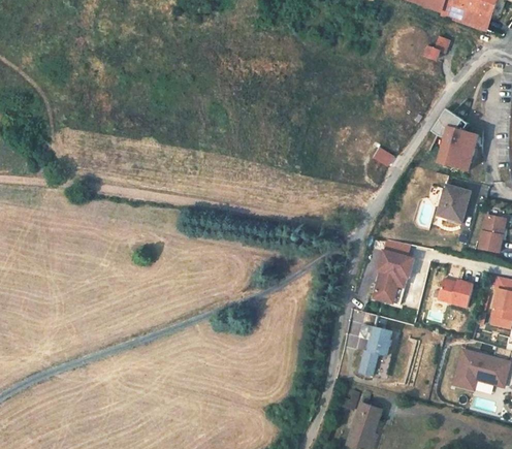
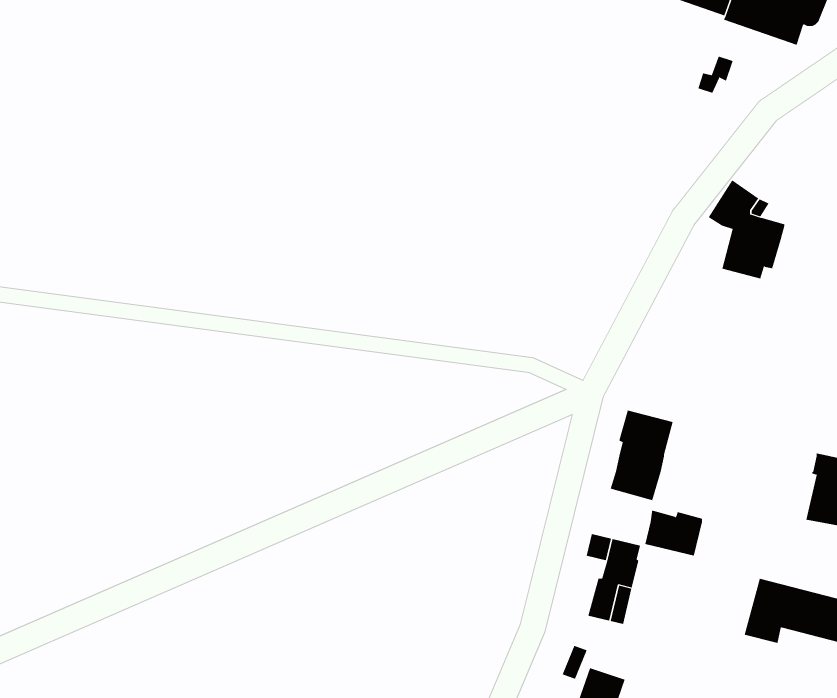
building: [437,186,470,221] -> none
building: [478,215,505,252] -> none
building: [438,278,473,306] -> [645,510,703,556]

